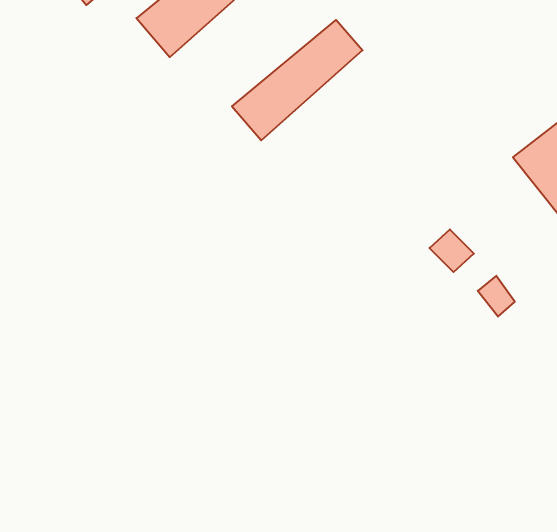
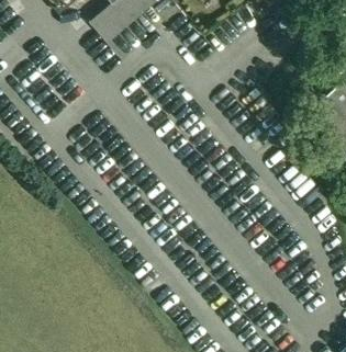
building: [232,20,363,140] -> none

